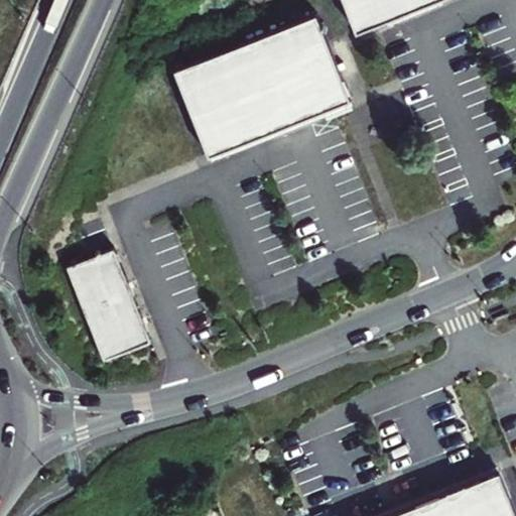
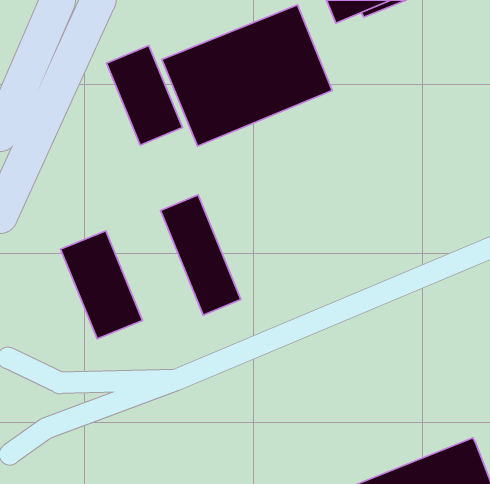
building: none -> [106,46,182,145]
building: none -> [161,195,241,315]

